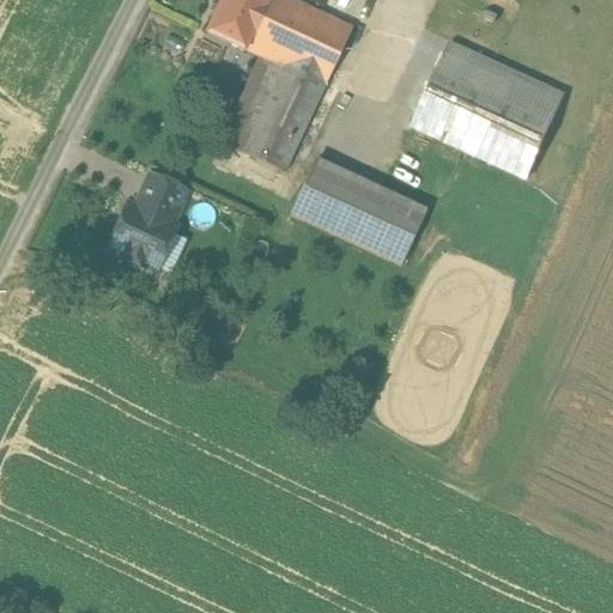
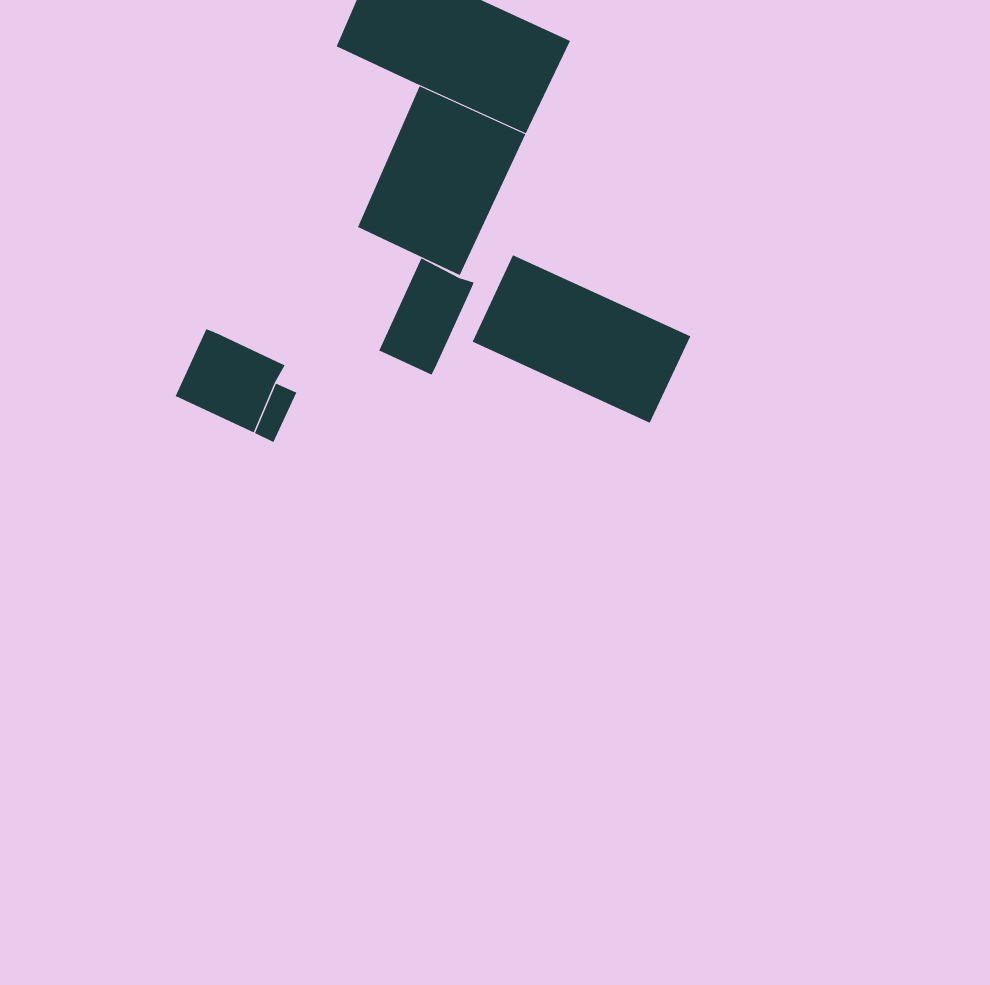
building: [413,41,565,175] -> none
building: none -> [379,258,474,376]
building: [134,171,188,223] -> none

